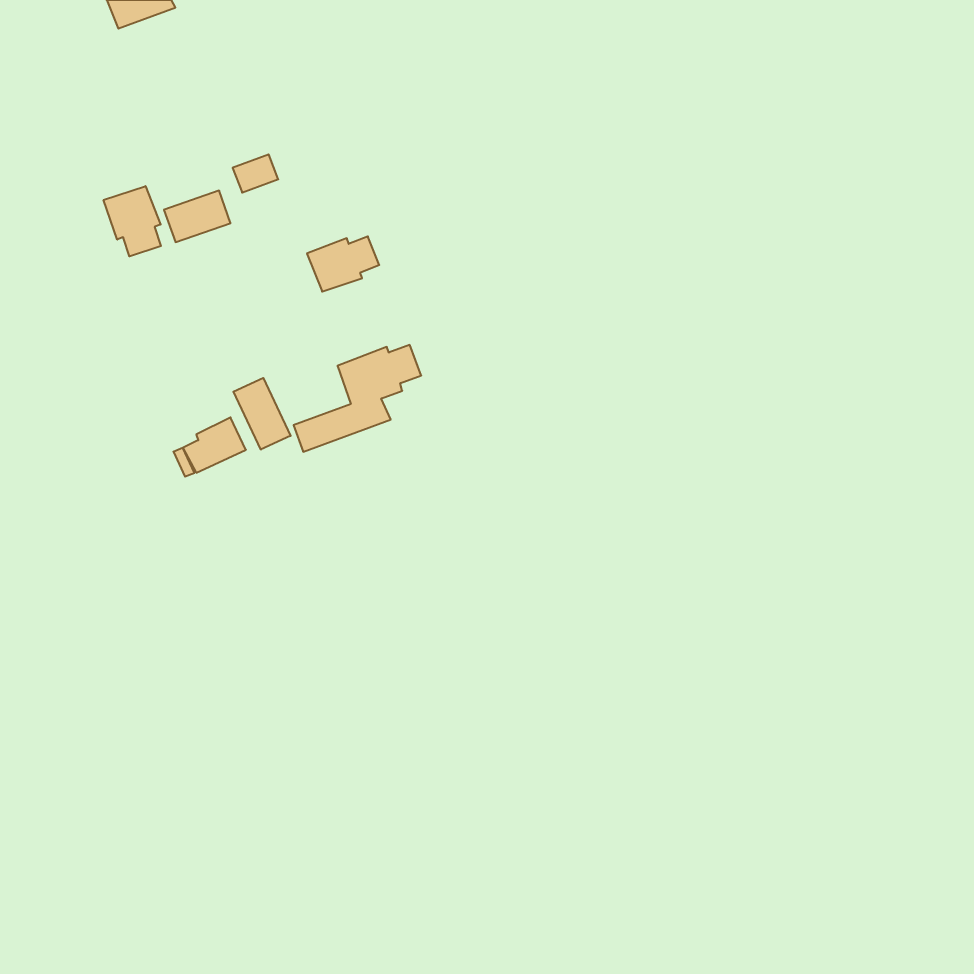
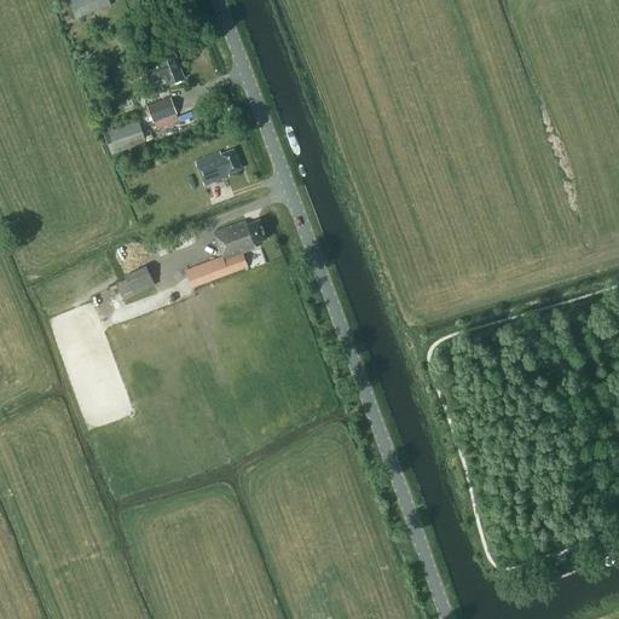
building: none -> [145,54,184,83]
building: [104,186,161,256] -> none
building: [233,378,291,450] -> none

